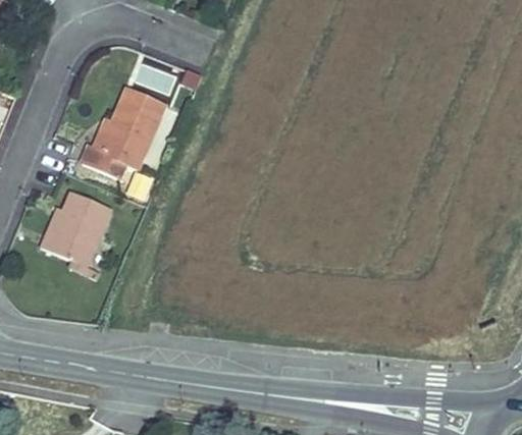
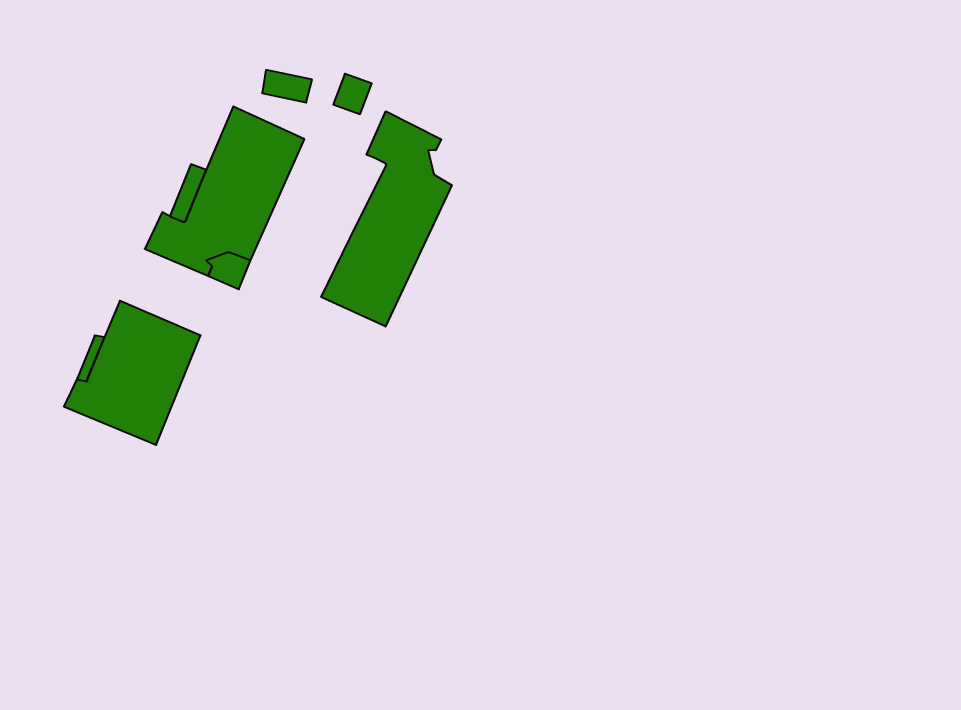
building: none -> [321,111,452,327]

